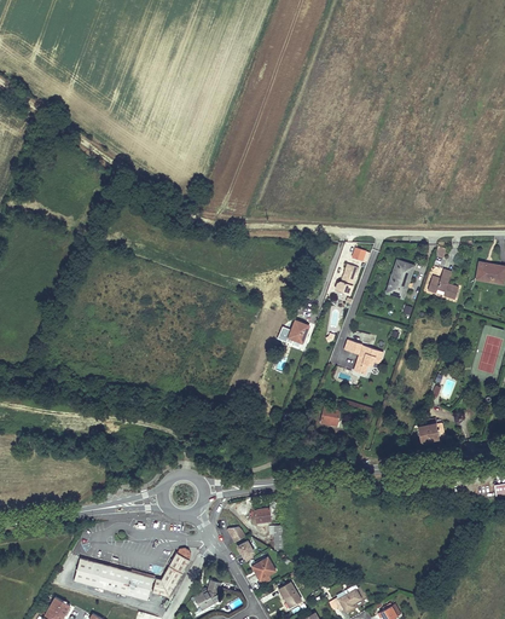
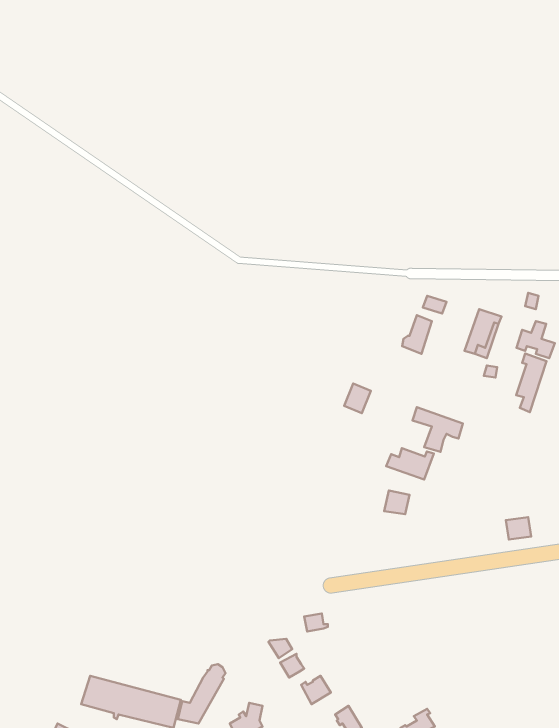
building: none -> [516,353,547,412]
building: none -> [386,448,434,479]

